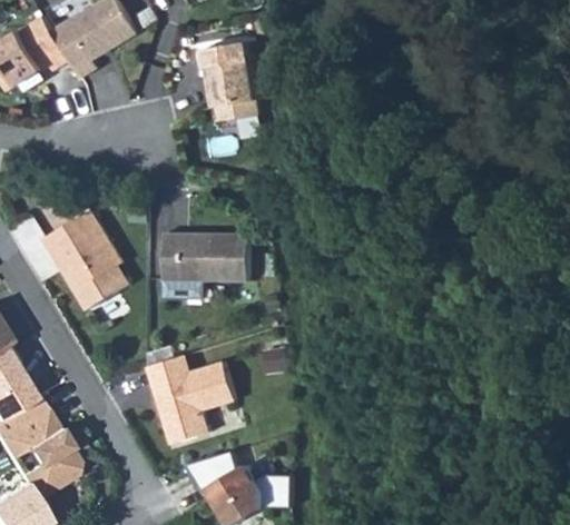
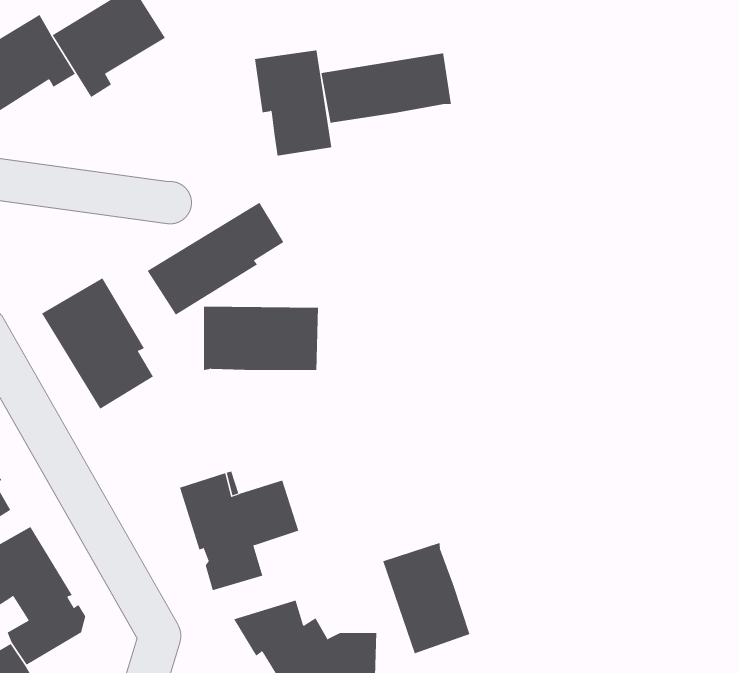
building: none -> [321,53,451,123]
building: none -> [147,202,284,315]
building: none -> [382,542,470,654]

